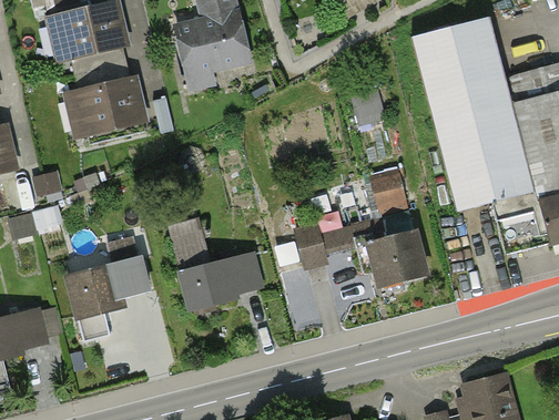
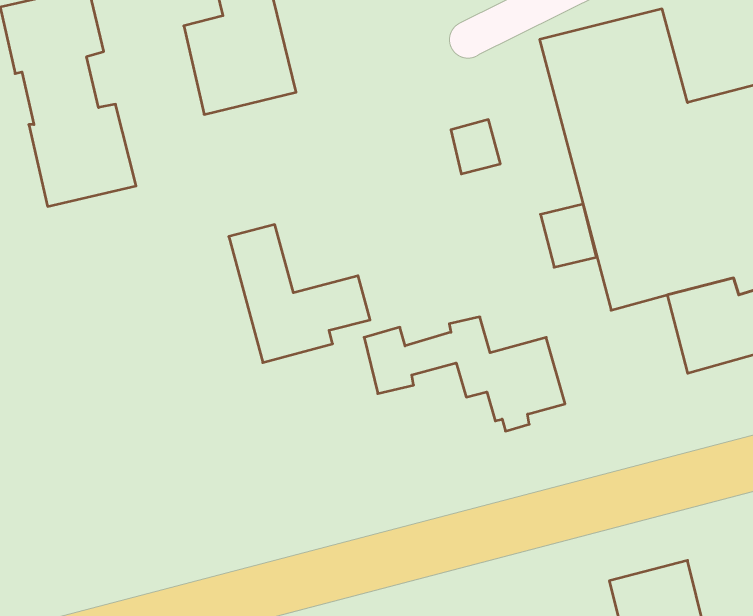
building: [373,175,409,216] -> [540,204,597,267]
building: [169,219,261,309] -> [229,225,370,363]
building: [67,235,151,342] -> none

